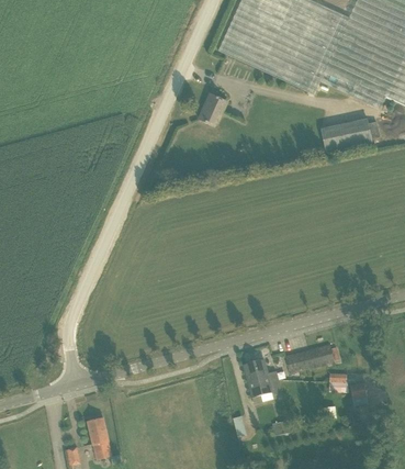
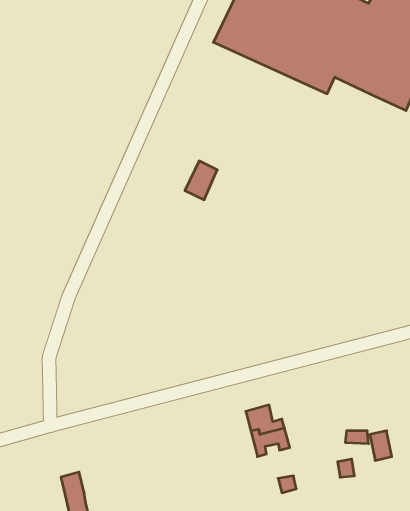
building: [199,91,226,124] -> [185,161,217,200]
building: [320,116,372,149] -> none
building: [285,343,339,371] -> none

